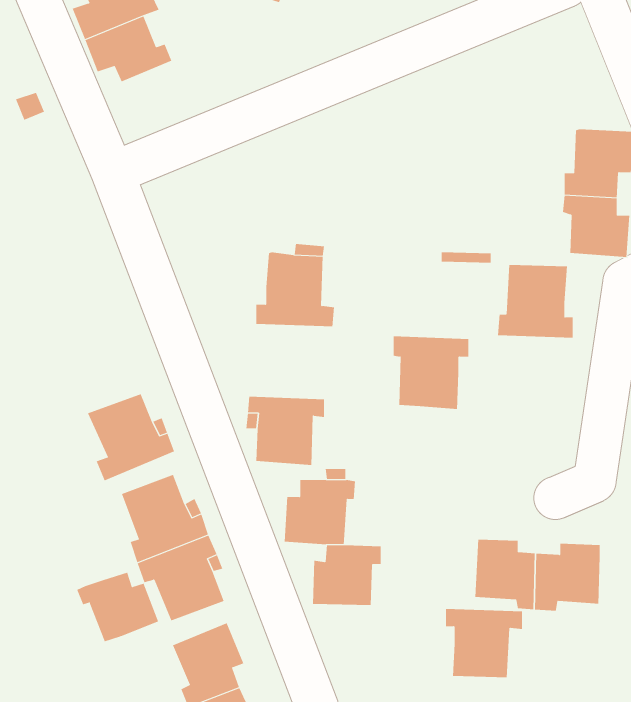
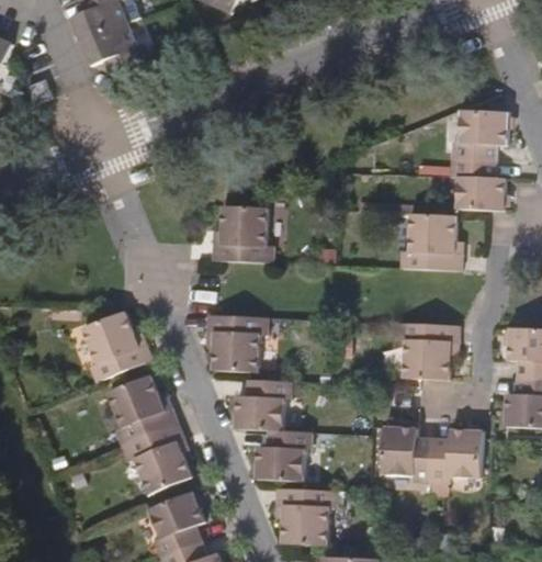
building: [393,336,469,409] -> [398,324,458,381]
building: [77,572,159,642] -> none
building: [445,608,523,678] -> [276,490,337,543]

